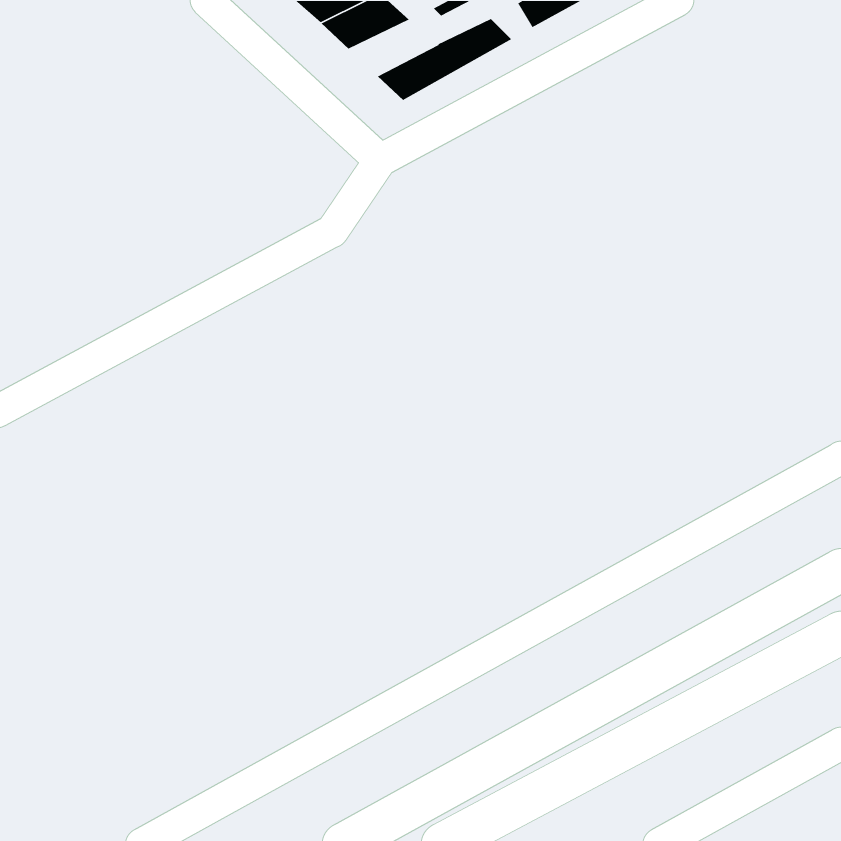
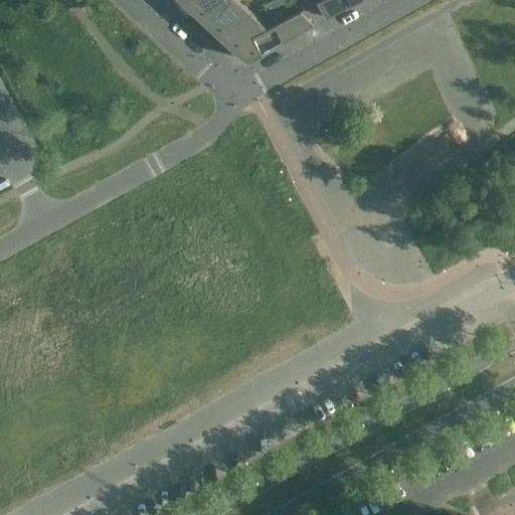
building: none -> [212,14,267,48]

